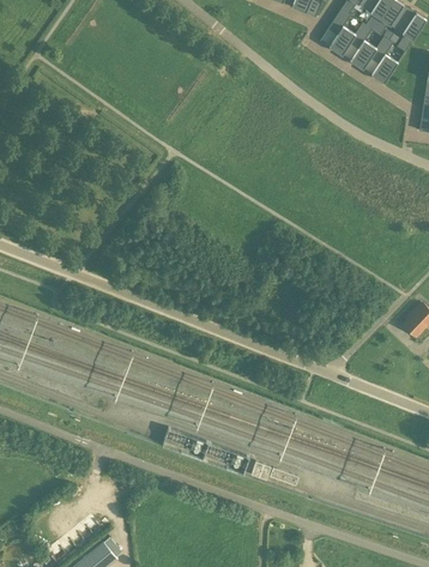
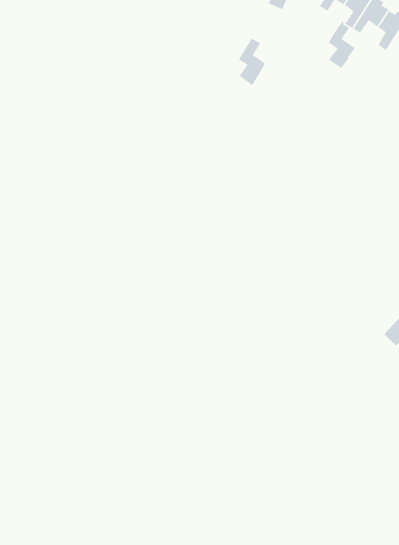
building: [327,8,355,55] -> [238,37,266,86]
building: [369,36,397,83] -> none

